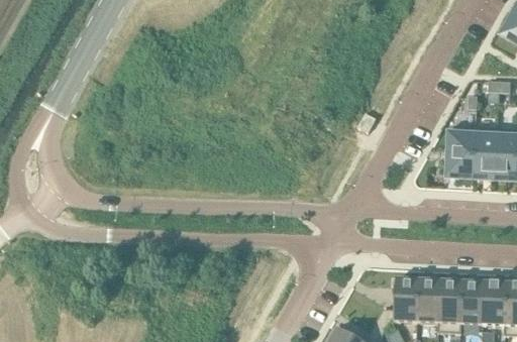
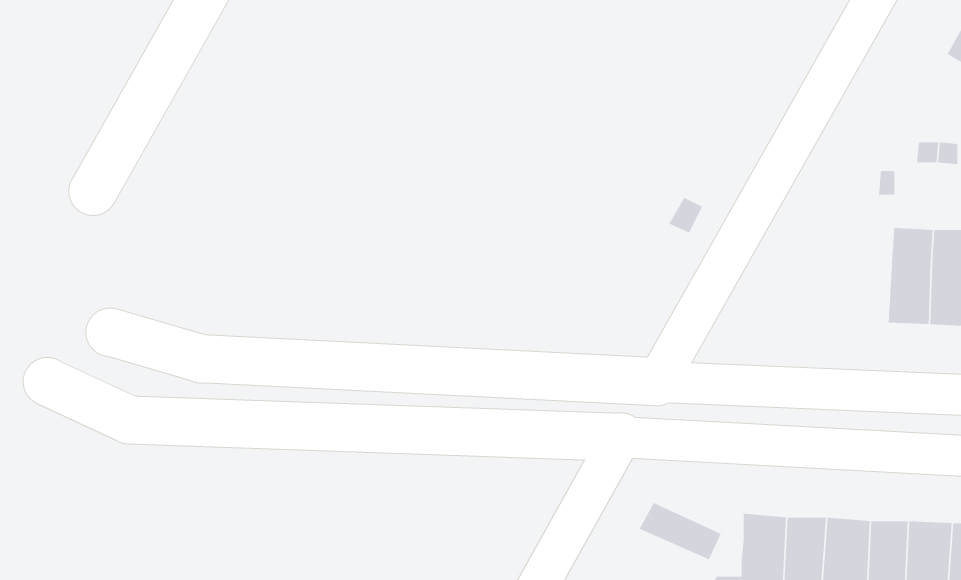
building: [449,124,476,176] -> none
building: none -> [639,502,721,560]

